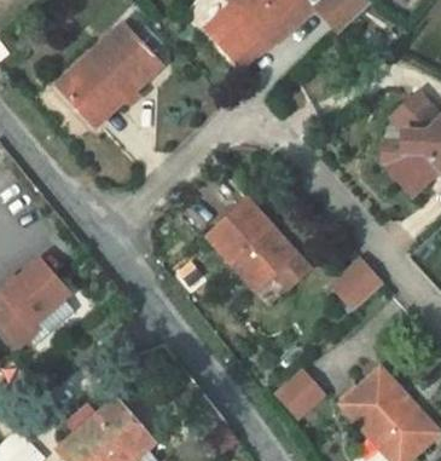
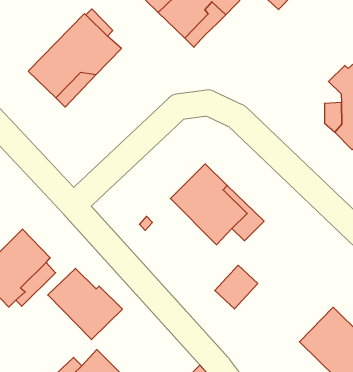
building: [332,259,382,309] -> none
building: none -> [48,268,122,340]
building: [274,370,323,419] -> [215,265,258,309]

